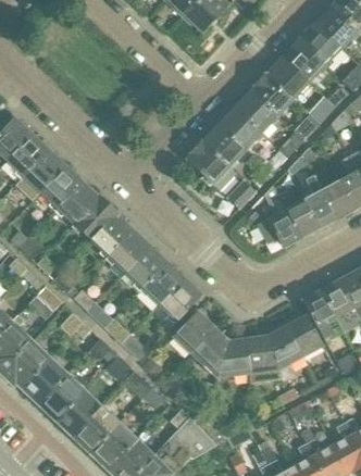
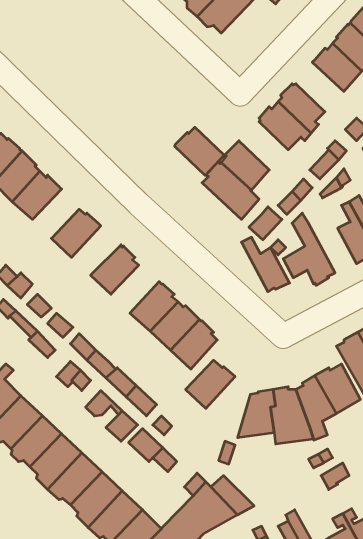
building: [267,57,309,99] -> none
building: [219,108,261,149] -> [175,127,224,175]
building: [41,165,82,208] -> none
building: [278,190,320,237] -> [241,237,290,292]
building: [75,197,117,239] -> none
building: [109,230,150,272] -> none
building: [190,326,228,378] -> none

